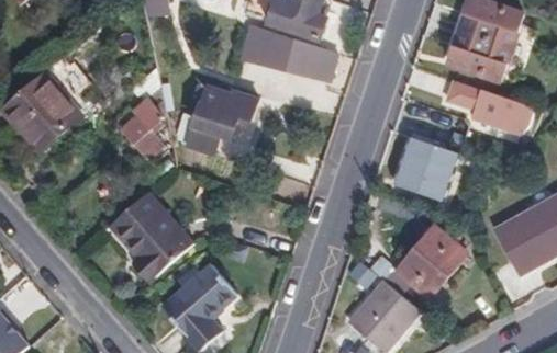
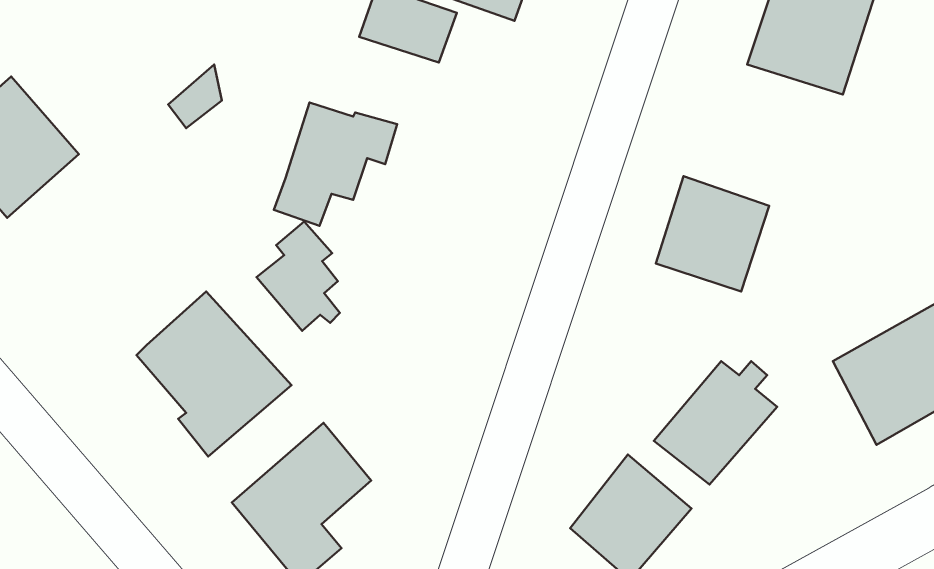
building: [277,37,330,79] -> none
building: [445,81,531,134] -> none
building: [122,99,168,159] -> [256,221,340,331]

